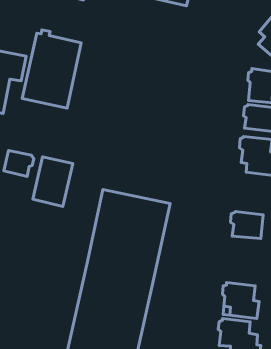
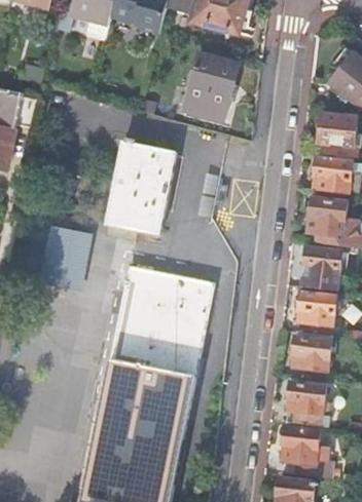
building: none -> [185,56,239,120]
building: [22,30,81,108] -> [106,134,180,233]
building: [4,150,34,177] -> none
building: none -> [299,248,340,281]
building: none -> [289,338,330,372]

